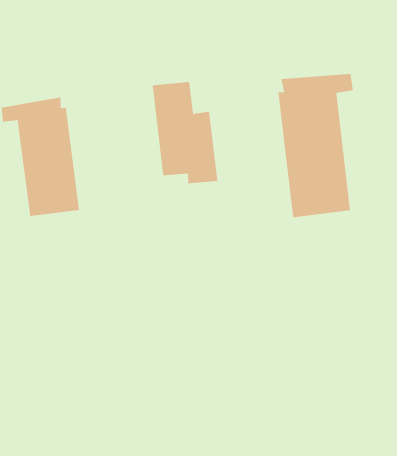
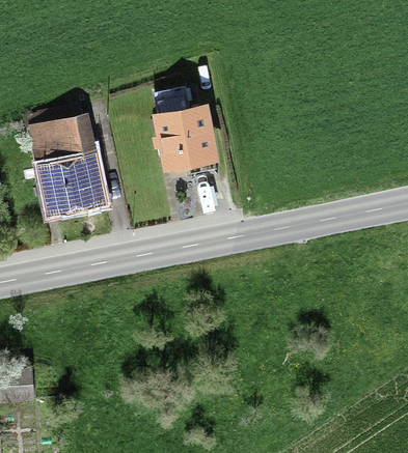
building: [278,73,354,218] -> none

